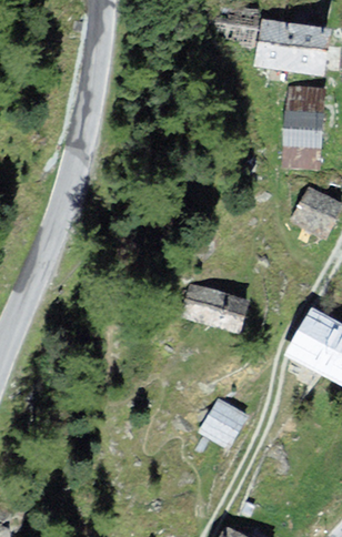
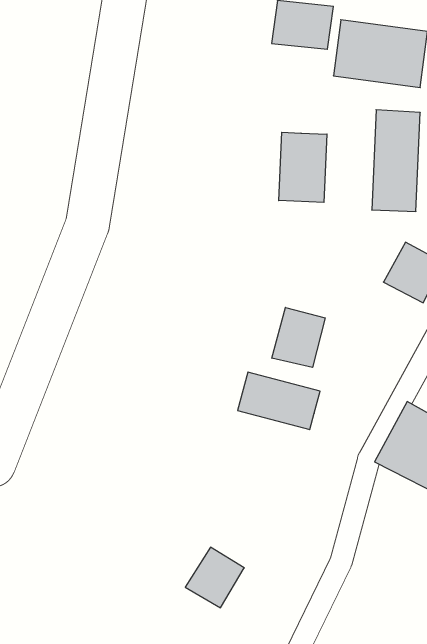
building: none -> [279,132,327,202]
building: none -> [272,307,325,367]
building: [201,398,245,444] -> [185,547,244,608]

